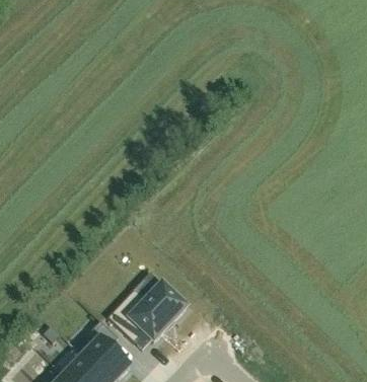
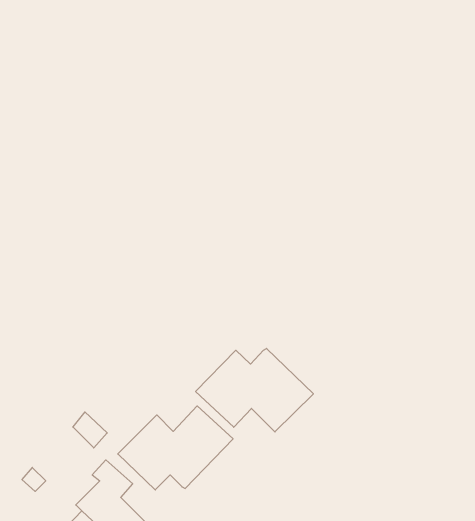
building: none -> [196,348,313,432]

